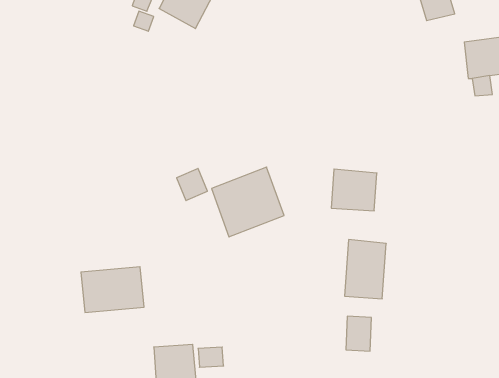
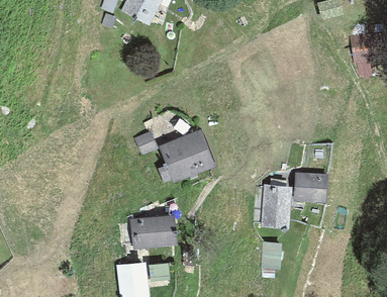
building: [331,169,377,211] -> [293,171,327,202]
building: [81,267,144,312] -> [129,215,177,250]

